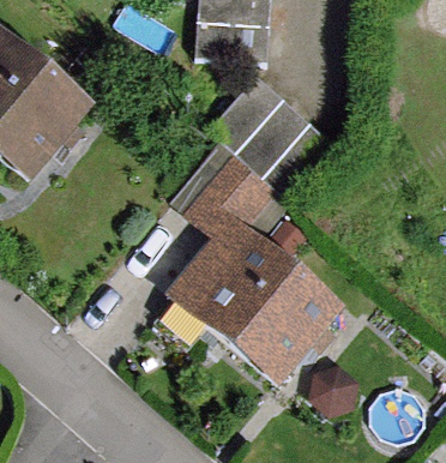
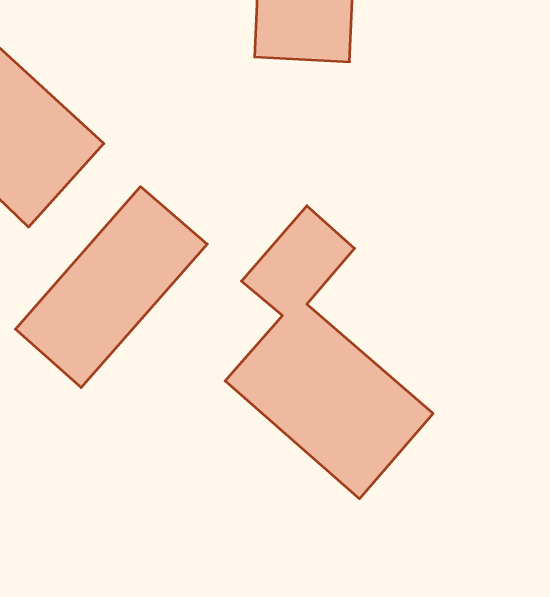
building: [215,83,332,197] -> none
building: none -> [15,187,207,388]

